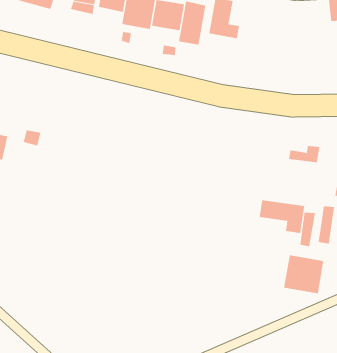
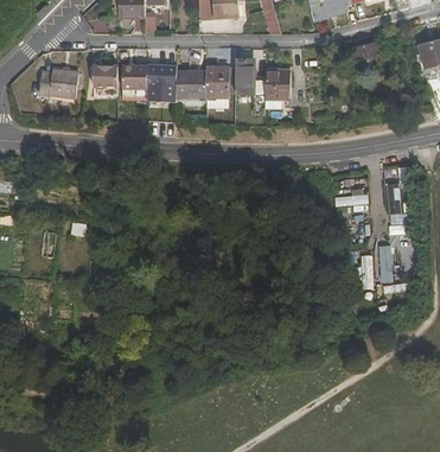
building: none -> [264,68,289,103]
building: [259,199,305,234] -> none
building: [284,255,324,294] -> none

